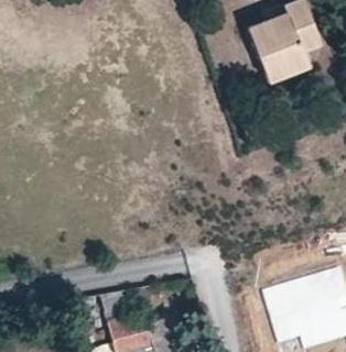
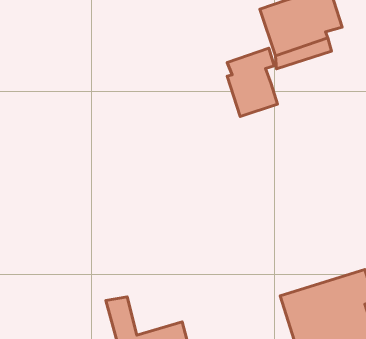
building: none -> [227,48,278,117]

